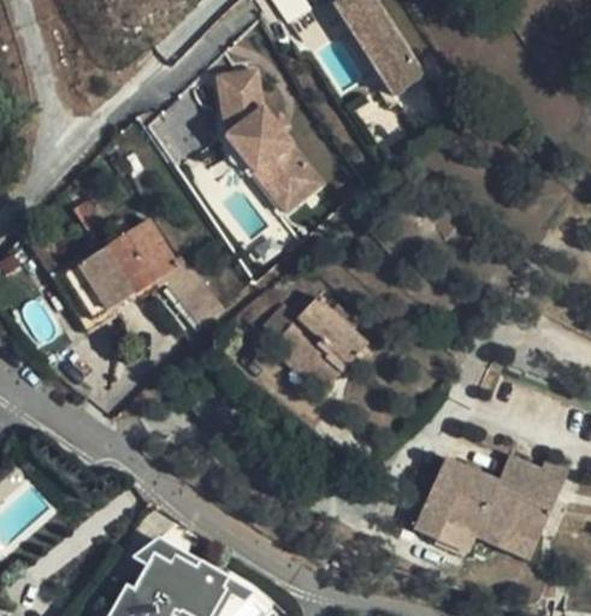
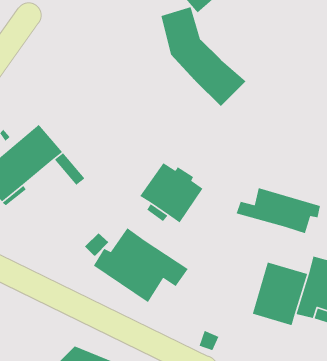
building: [219,70,327,217] -> [161,6,247,107]
building: none -> [236,187,321,234]
building: none -> [93,227,189,303]

